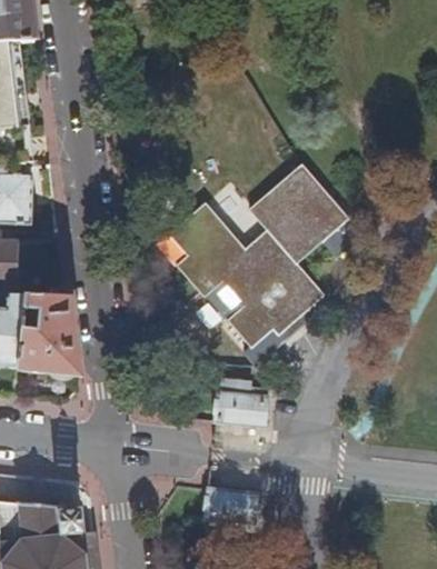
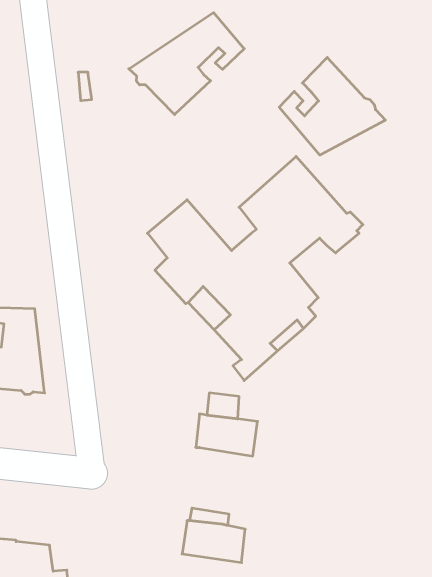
building: none -> [129,13,244,115]
building: none -> [279,57,385,155]

